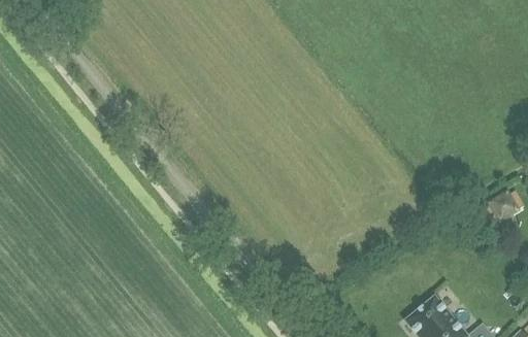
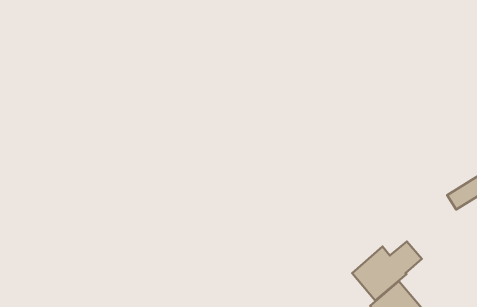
building: none -> [352,241,422,301]

